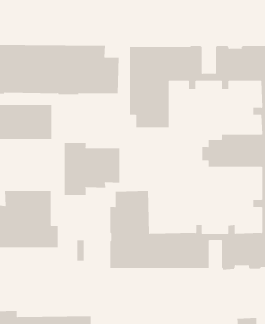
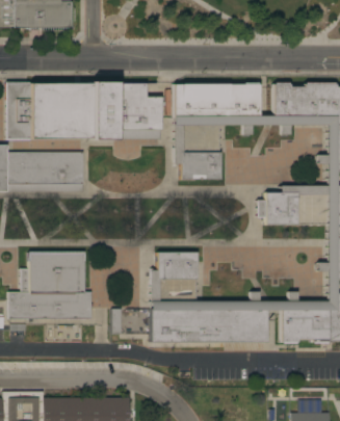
building: [64,142,120,196] -> none

